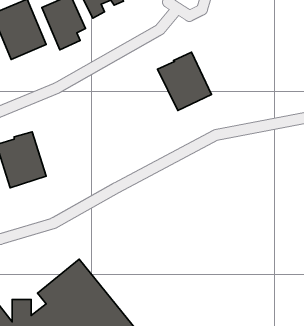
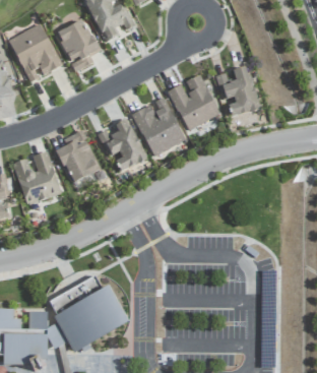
building: none -> [217,66,260,117]
building: none -> [132,98,185,157]
building: none -> [100,118,146,171]
building: none -> [57,130,100,182]

